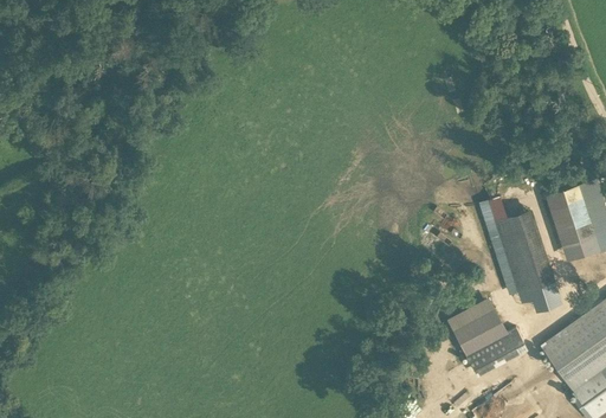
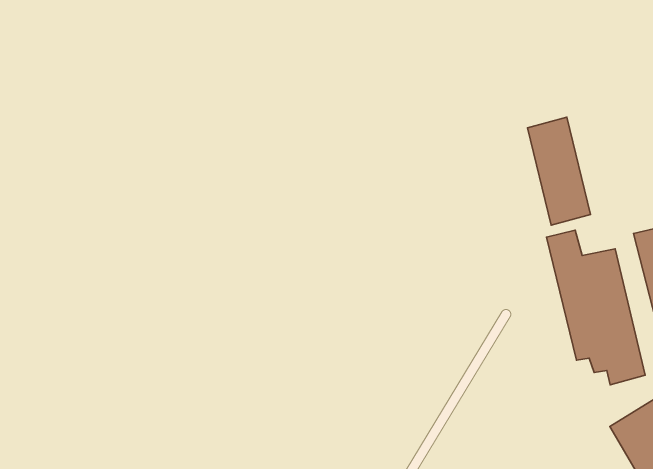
building: none -> [527,117,590,225]
building: [446,295,528,374] -> none

